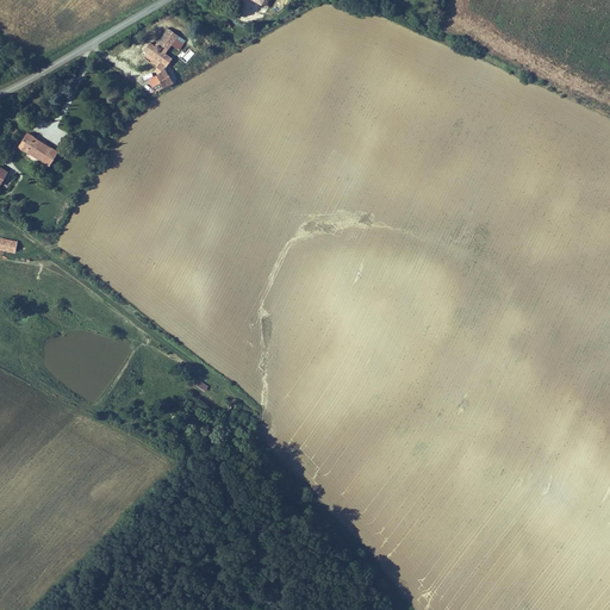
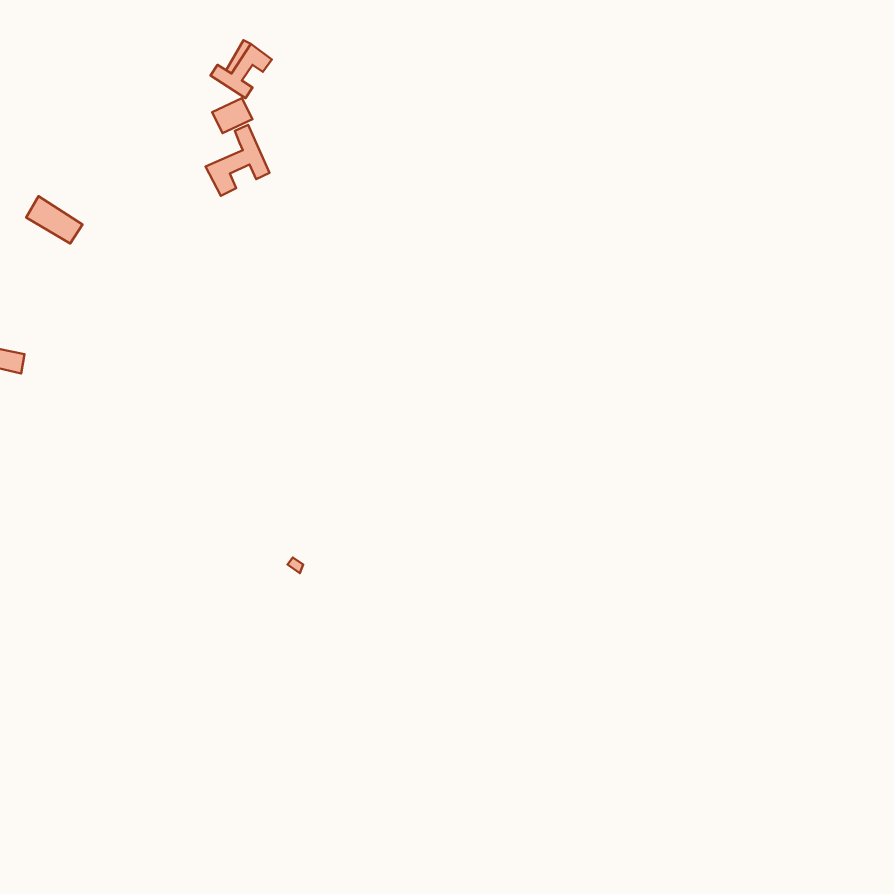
building: none -> [205,125,269,196]

